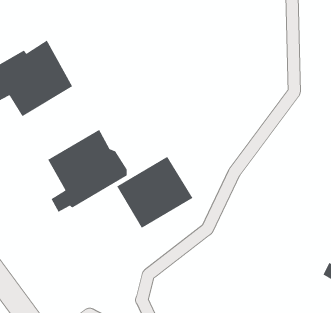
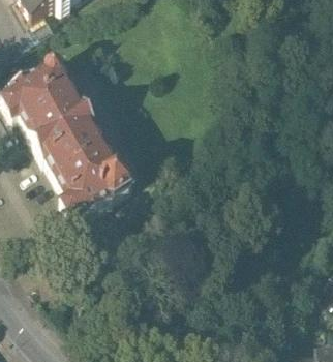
building: [116,156,194,229] -> [32,112,105,181]

